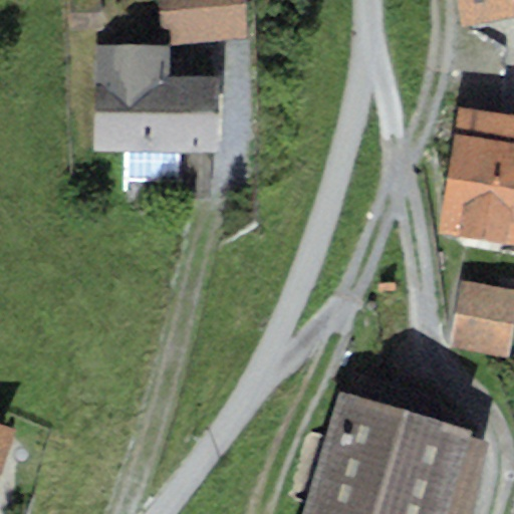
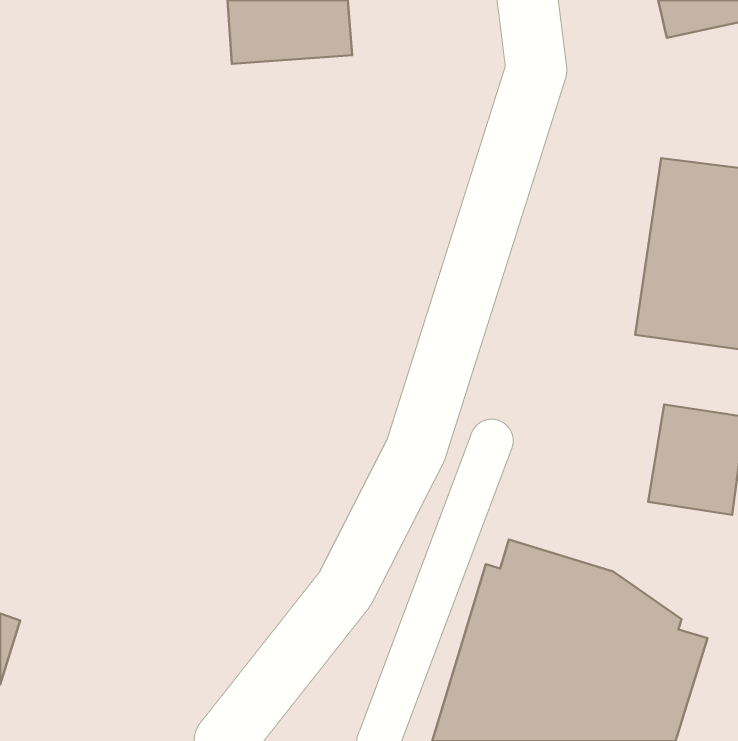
building: [95,45,217,153] -> none

